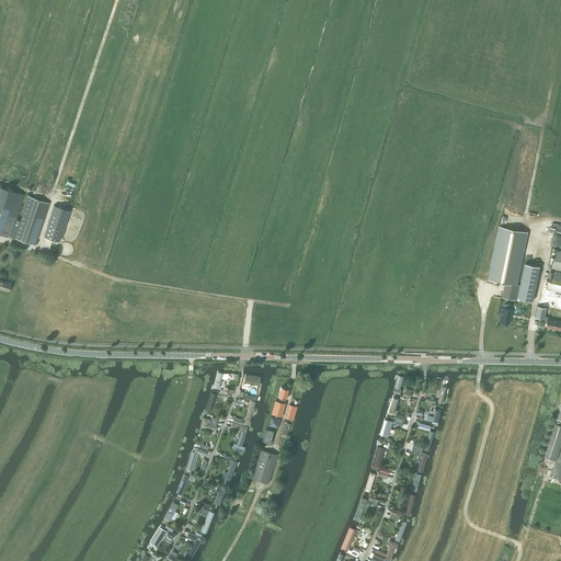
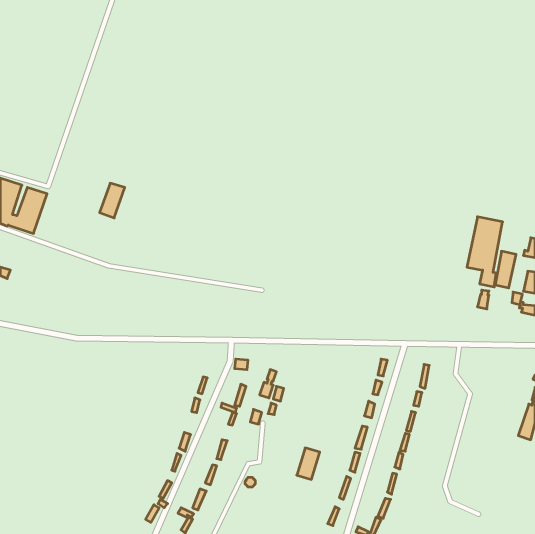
building: [43,206,69,242] -> [100,183,125,218]
building: [253,450,277,483] -> [297,448,320,479]

